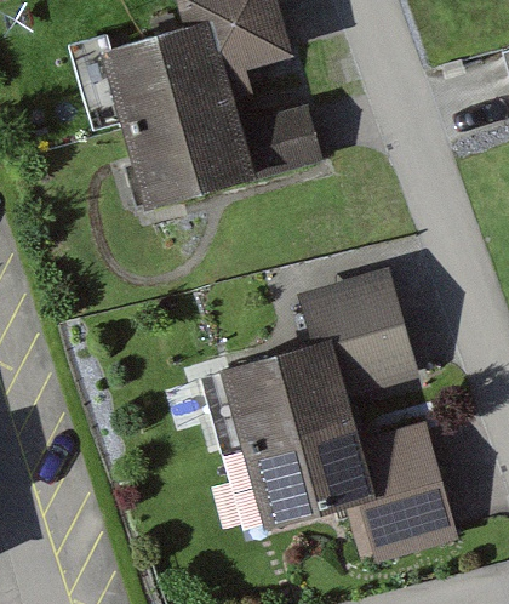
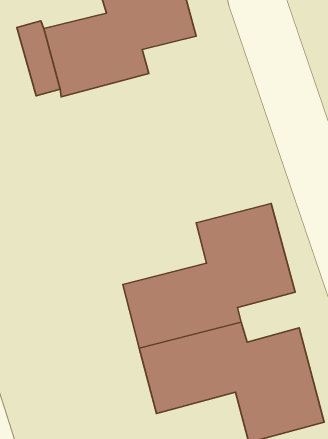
building: [127,103,321,206] -> none

